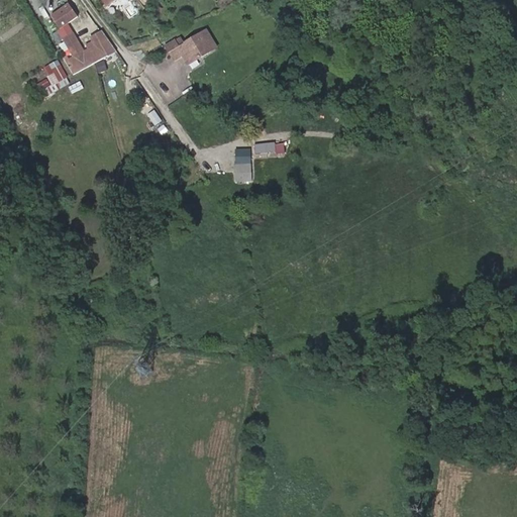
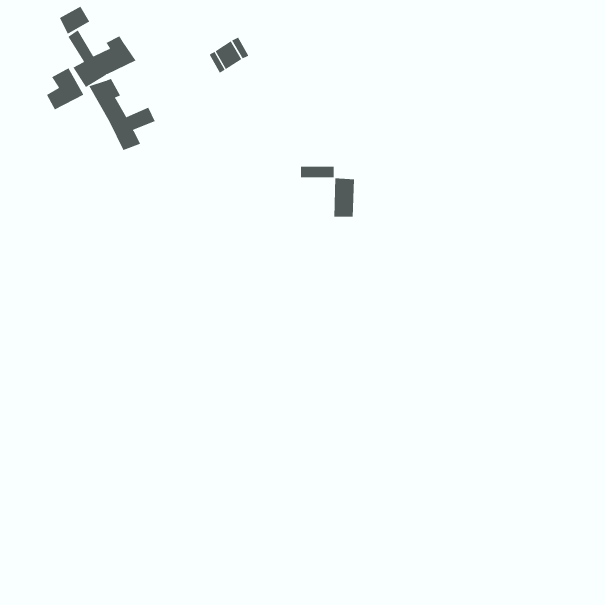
building: none -> [88,78,155,151]
building: [234,146,252,180] -> [333,178,355,217]

